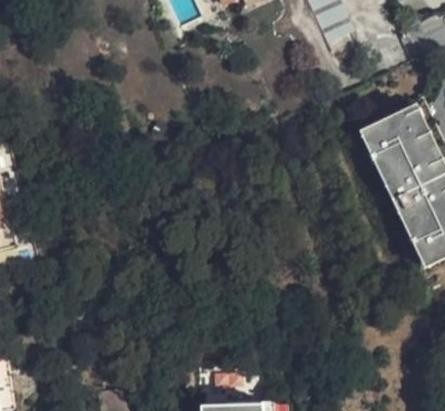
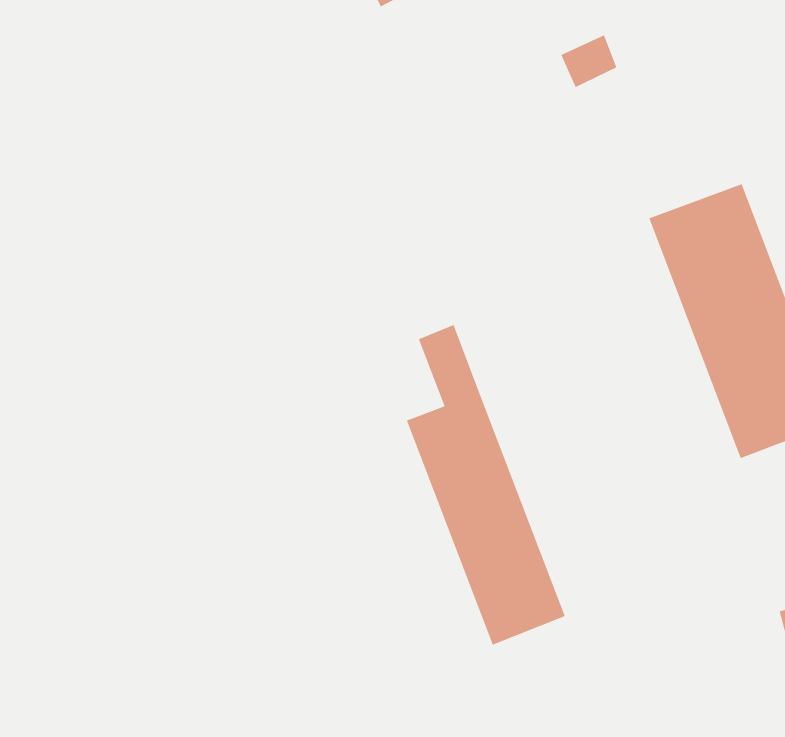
building: none -> [406,324,566,645]

